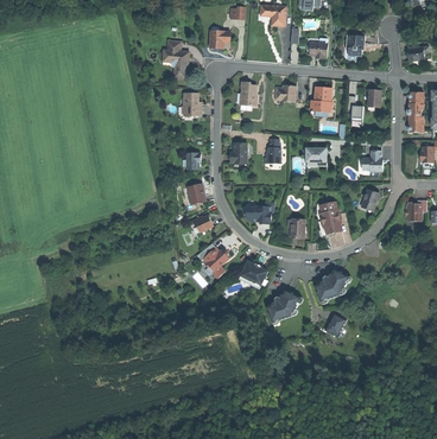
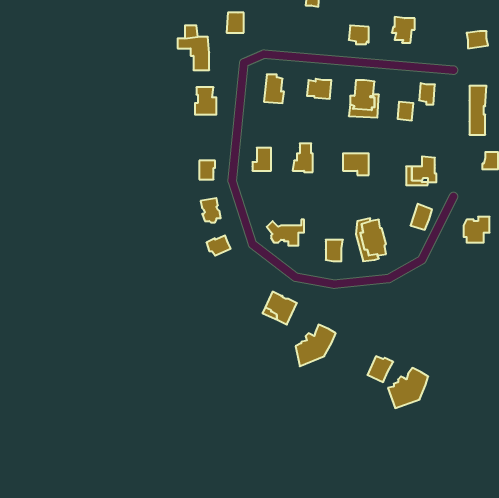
building: [196,243,228,278] -> none
building: [315,268,348,301] -> [388,368,428,408]

